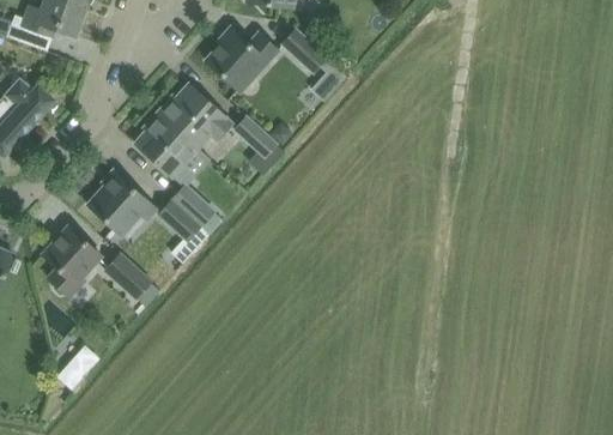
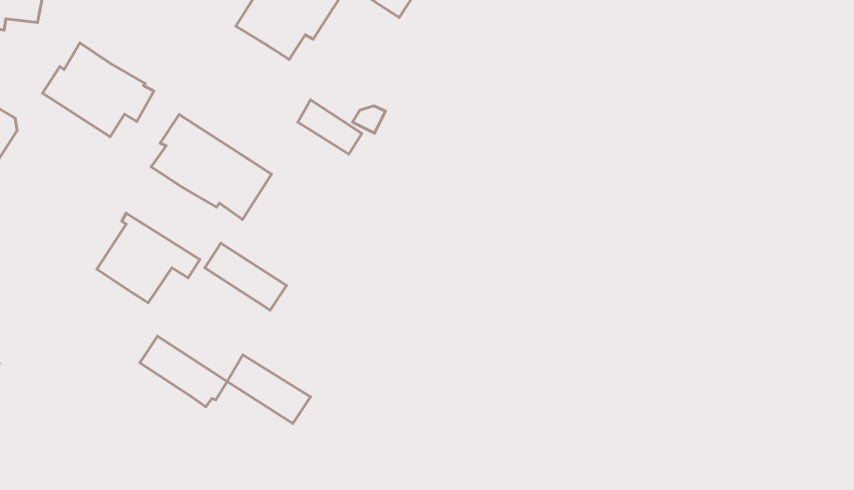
building: [158,83,231,147] -> [42,43,154,137]
building: [171,185,224,235] -> [227,355,310,424]
building: [42,225,102,295] -> none

